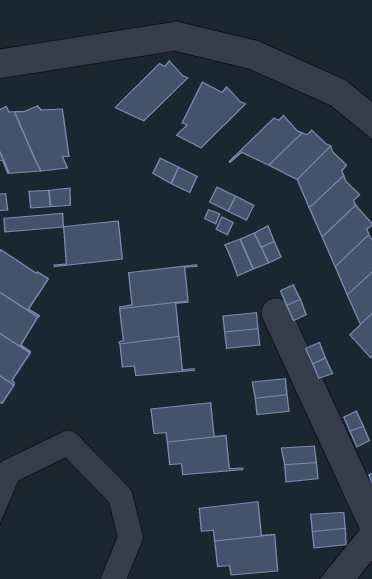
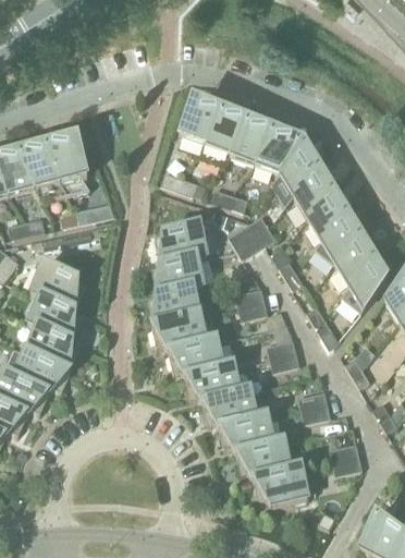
building: [115,61,188,121] -> [197,110,254,162]
building: [54,221,122,266] -> [151,221,207,266]
building: none -> [169,339,234,376]
building: none -> [219,415,284,452]

